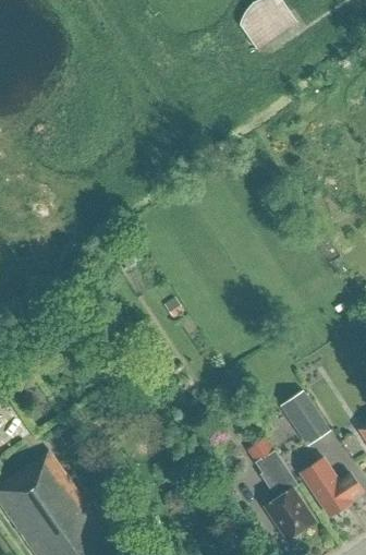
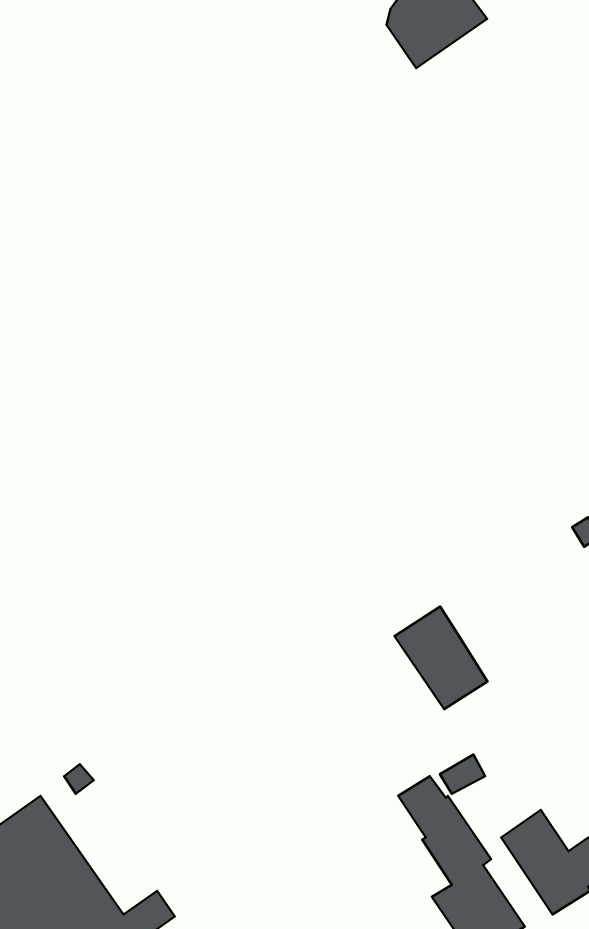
building: [278,390,329,447] -> [395,606,488,709]

